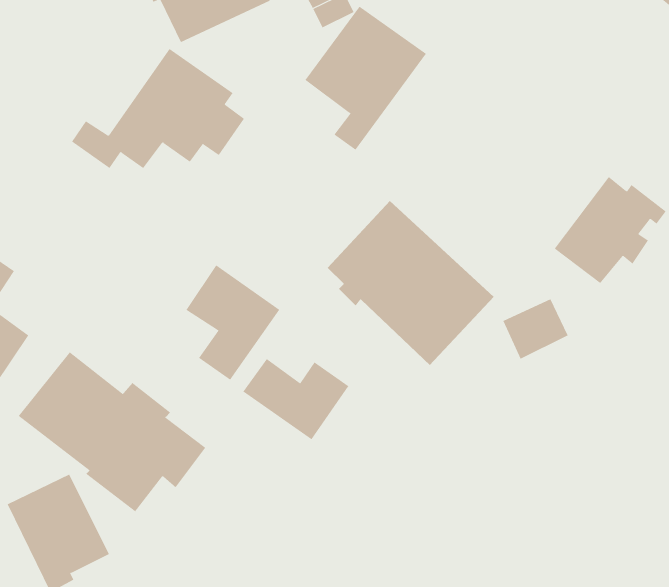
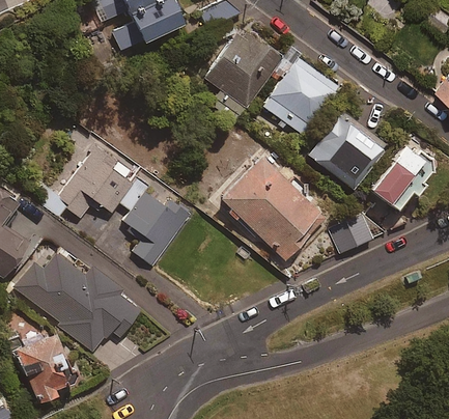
building: none -> [263,49,342,138]
building: [71,48,245,169] -> [36,142,148,220]
building: none -> [307,110,383,186]
building: [242,358,349,440] -> none

